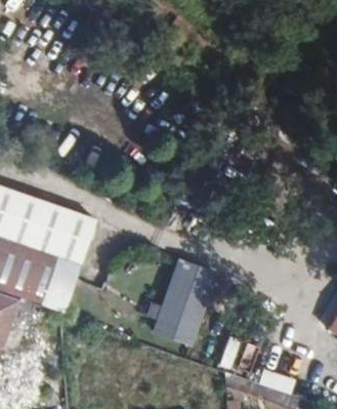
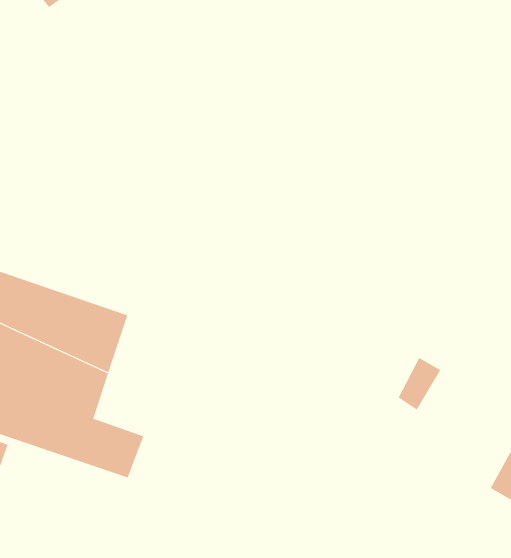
building: [154,259,220,342] -> none

